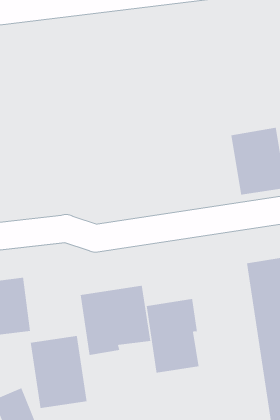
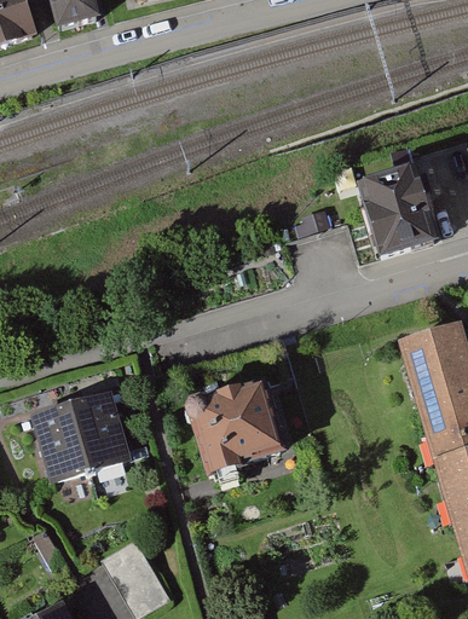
building: [146,298,199,373] -> none
building: [30,335,87,409] -> none

